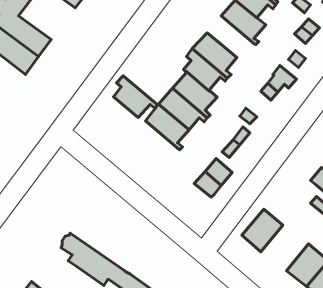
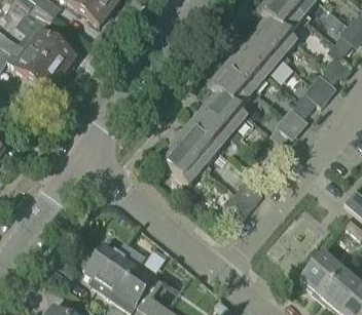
building: none -> [236,32,286,75]
building: [113,76,157,118] -> [161,141,207,184]
building: [242,209,283,252] -> [298,251,340,296]
building: none -> [94,242,161,297]

